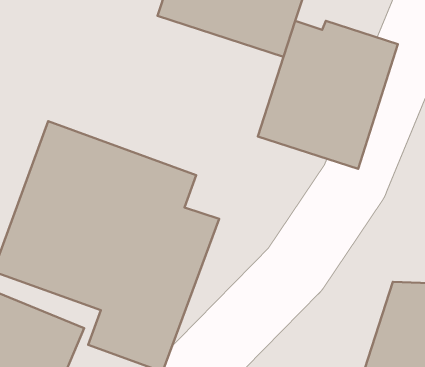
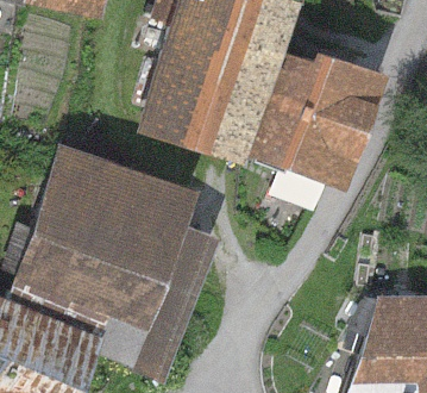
building: none -> [136,48,278,166]

